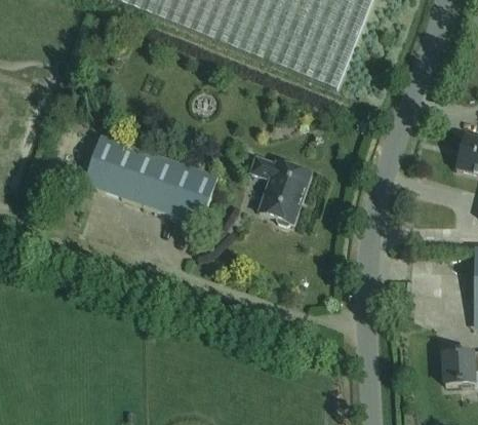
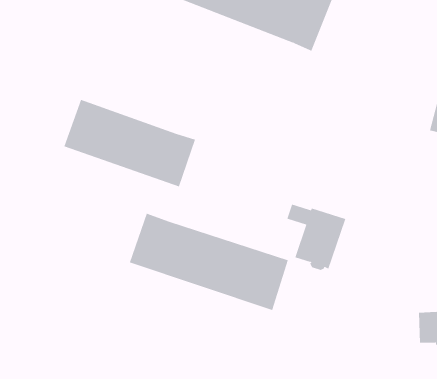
building: [250,155,311,223] -> [286,204,346,271]
building: none -> [129,213,289,311]

